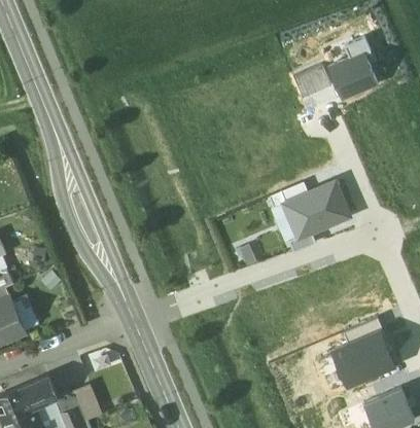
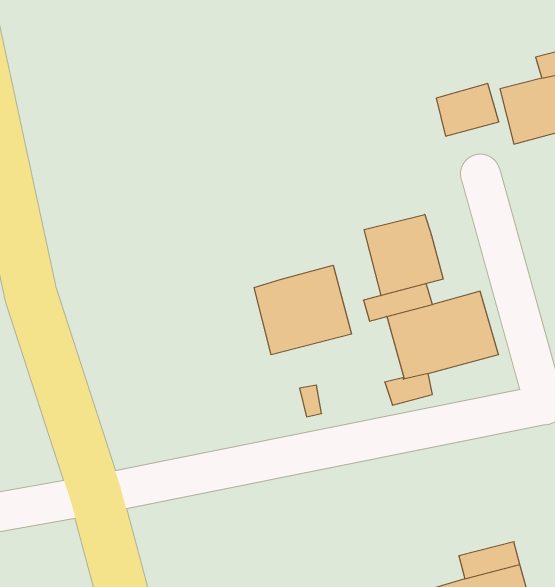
building: none -> [364,214,443,296]
building: none -> [254,265,351,355]

